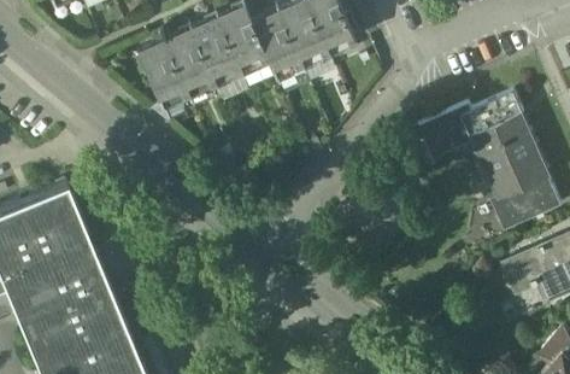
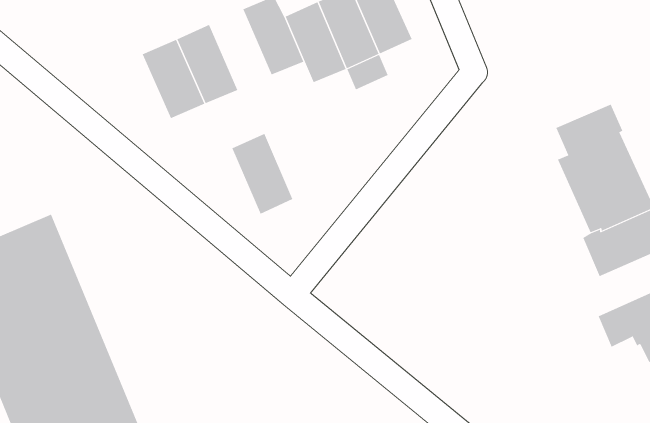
building: [192,16,241,81] -> [232,133,293,214]
building: [418,104,478,153] -> none

